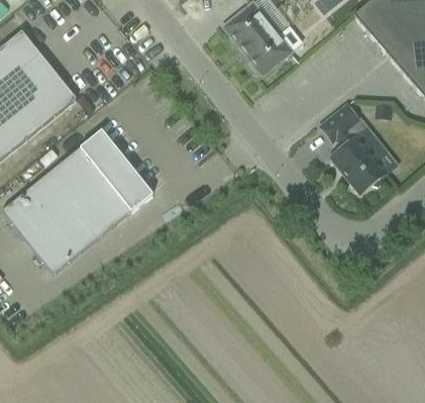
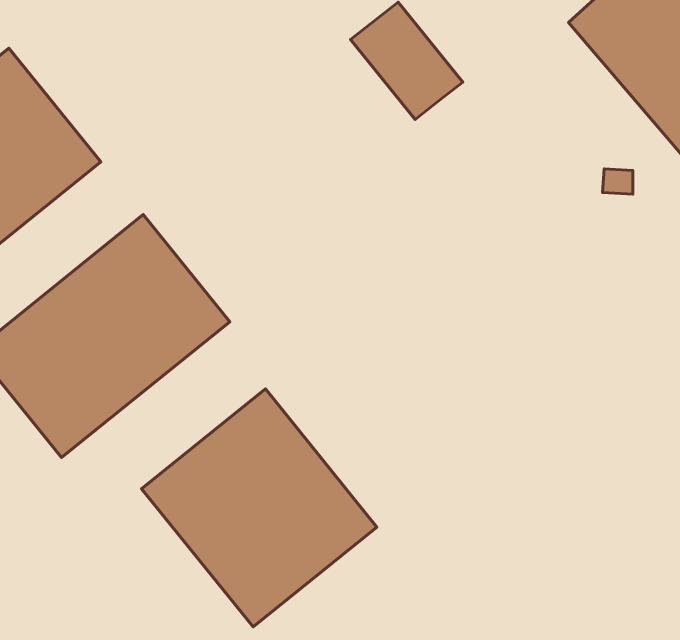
building: [320,103,388,193] -> none
building: none -> [141,389,377,627]

